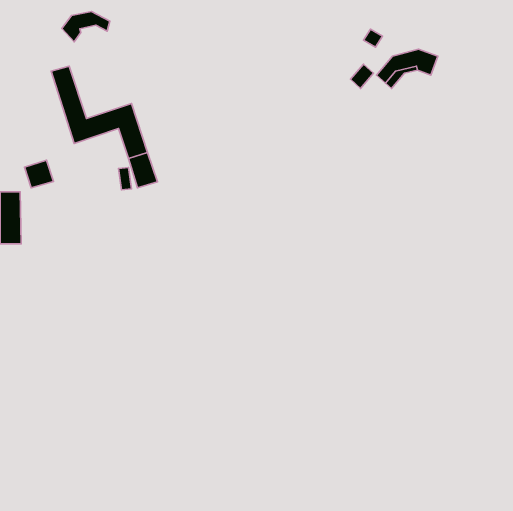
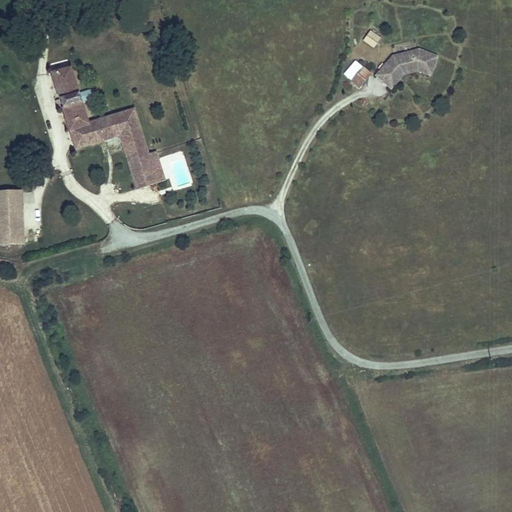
building: [62,11,110,42] -> none
building: [25,160,54,188] -> none

